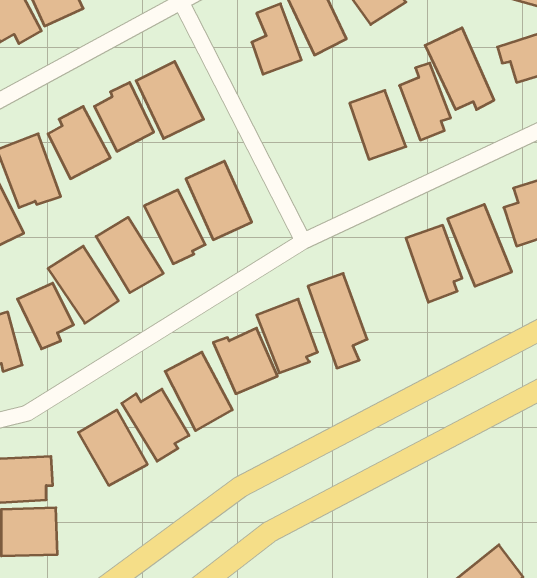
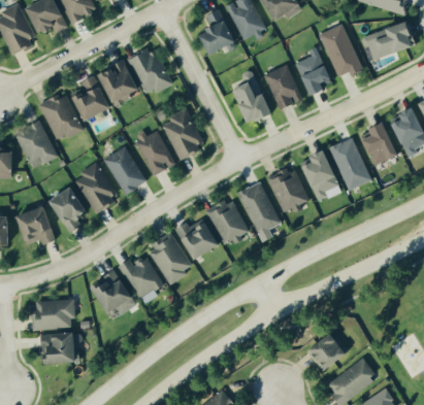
building: none -> [234,69,273,124]
building: none -> [266,166,306,211]
building: none -> [306,332,348,372]

